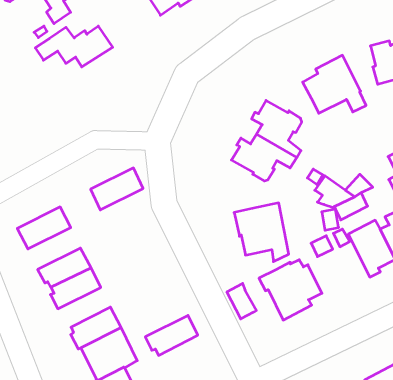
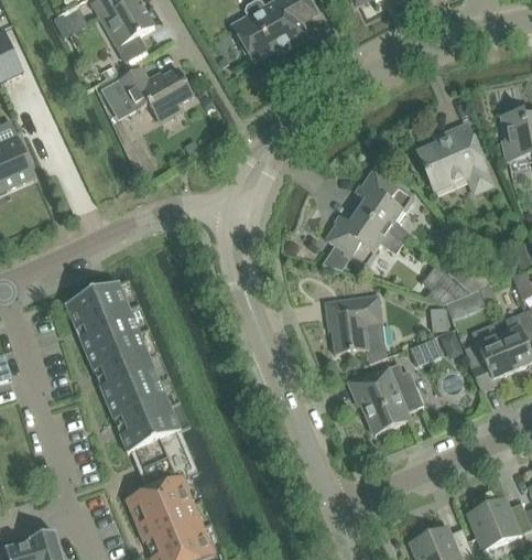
building: [91,168,143,210] -> [75,306,138,354]
building: [227,283,256,319] -> none
building: [145,315,198,355] -> [106,380,169,426]

